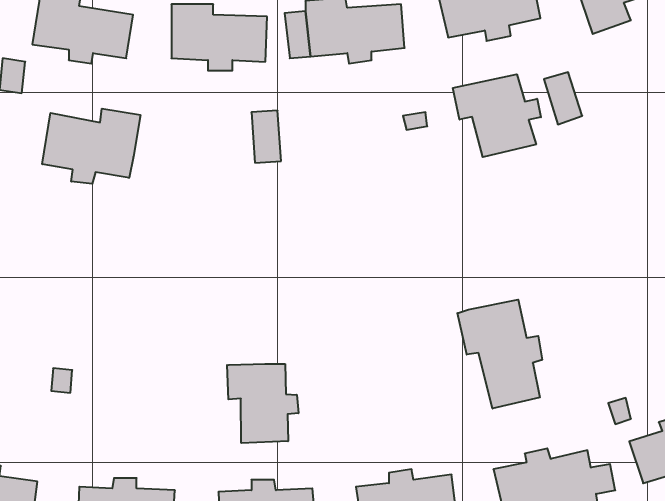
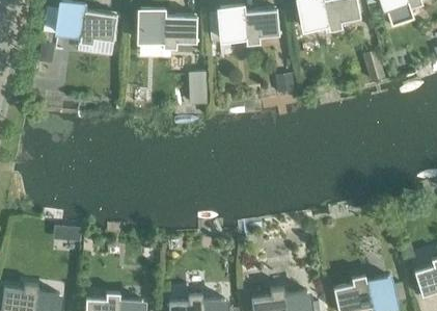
building: [453,74,541,157] -> none
building: [42,109,140,184] -> none
building: [457,300,542,409] -> none
building: [227,364,298,443] -> none

